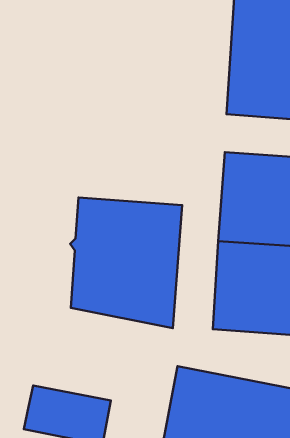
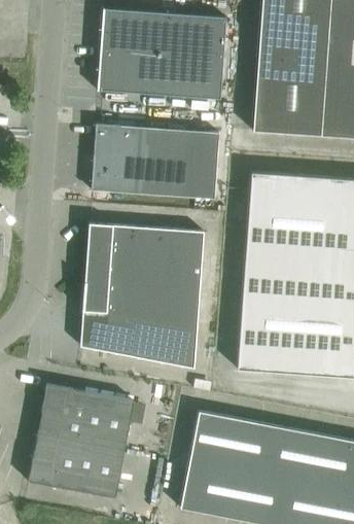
building: none -> [98,8,226,99]
building: none -> [92,125,219,199]
building: none -> [38,384,134,449]

